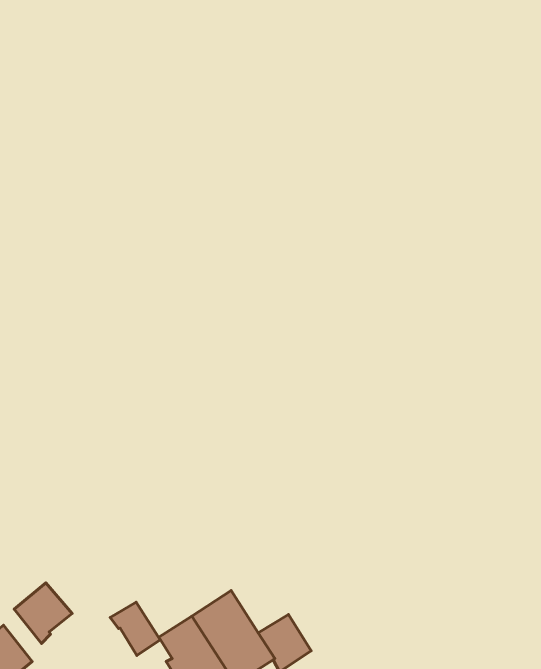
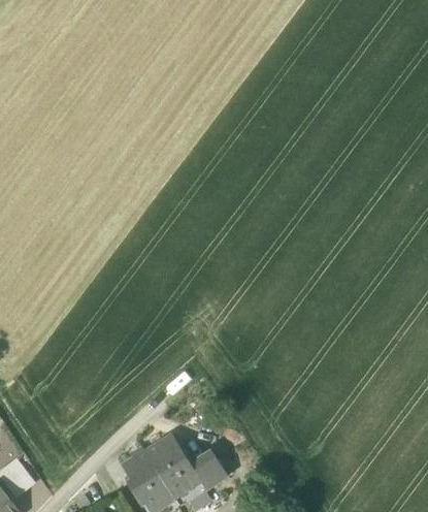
building: [14,583,72,644] -> none
building: [110,602,160,655] -> none

